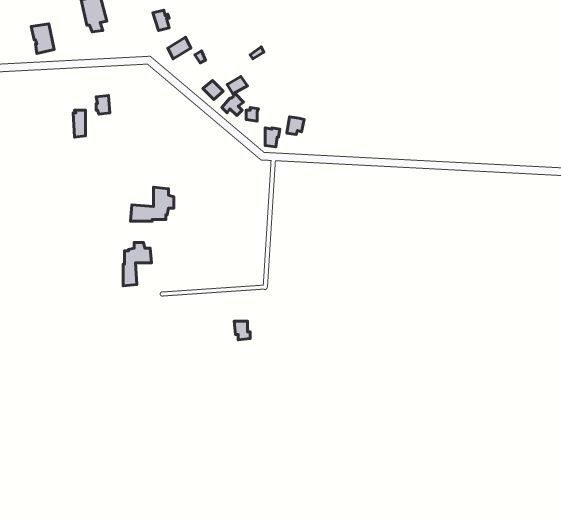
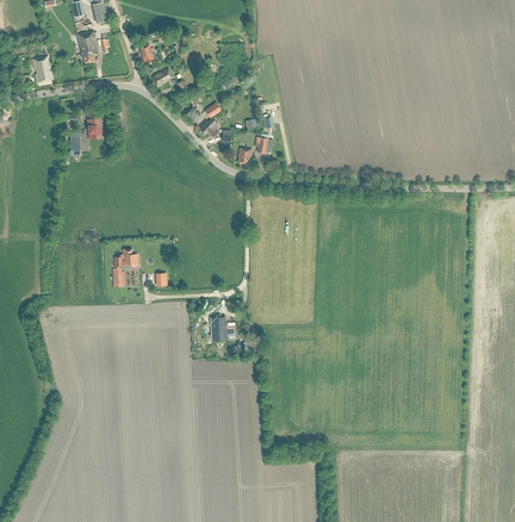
building: [130,187,174,221] -> none

